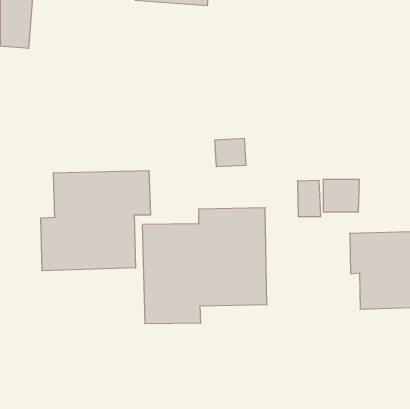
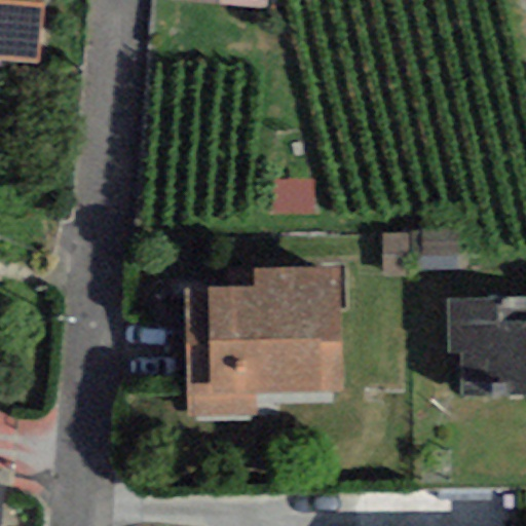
building: [41,170,150,271] -> none

